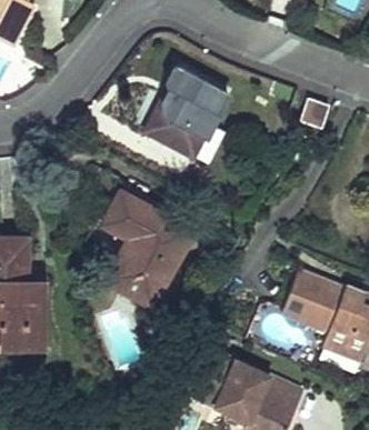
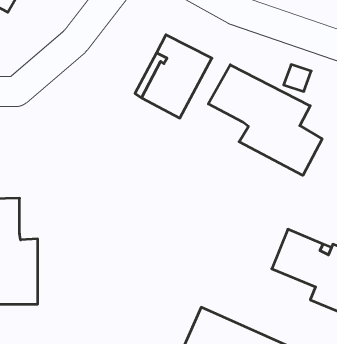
building: none -> [208,65,322,175]
building: [102,191,192,307] -> none

